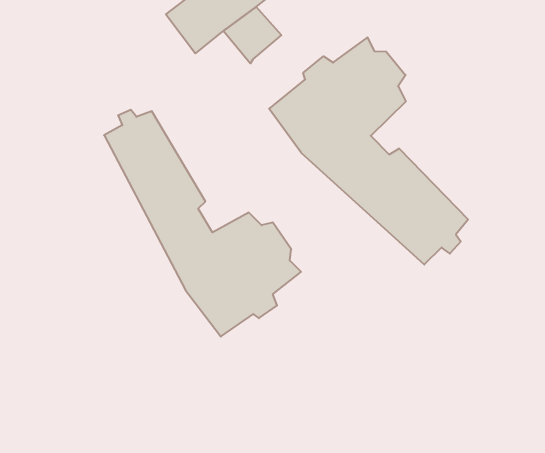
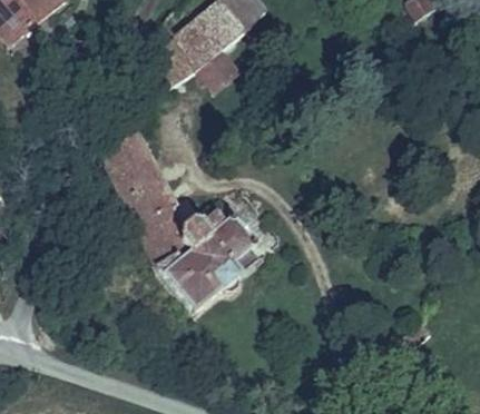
building: [269,37,468,265] -> none

